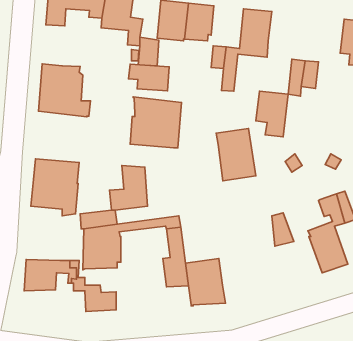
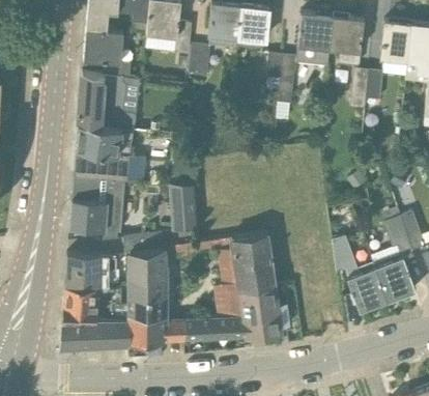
building: none -> [381,22,412,66]
building: none -> [84,31,132,78]
building: [128,64,169,91] -> none
building: [256,91,288,137] -> [330,17,365,66]
building: [130,97,181,148] -> [76,125,132,181]
building: [216,129,256,181] -> [232,234,276,291]
building: none -> [65,255,118,288]
building: none -> [348,262,389,312]
building: none -> [130,290,171,323]
building: none -> [184,316,246,341]
building: none -> [61,320,131,347]

